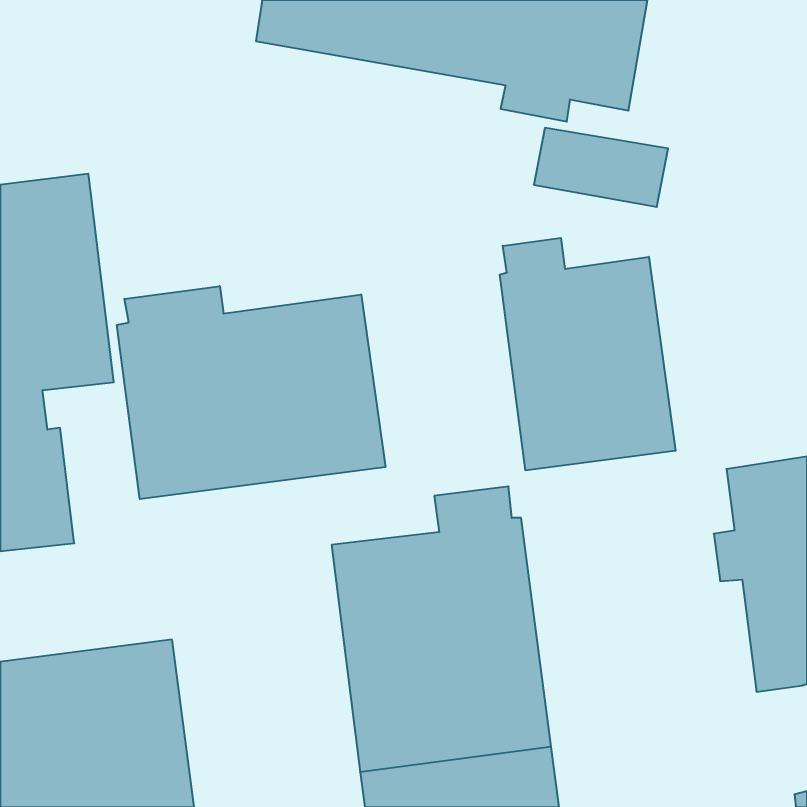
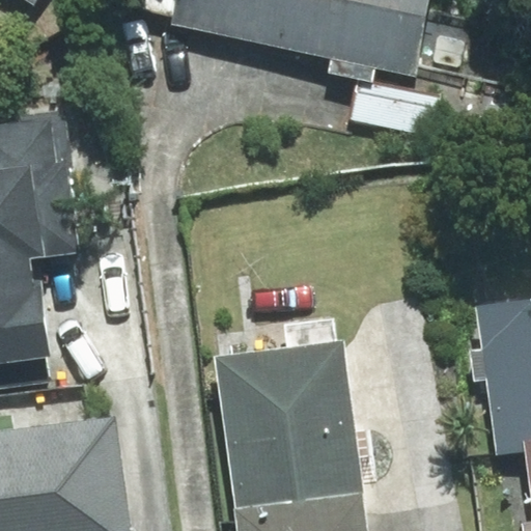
building: [500,238,675,470] -> none
building: [117,286,385,499] -> none

